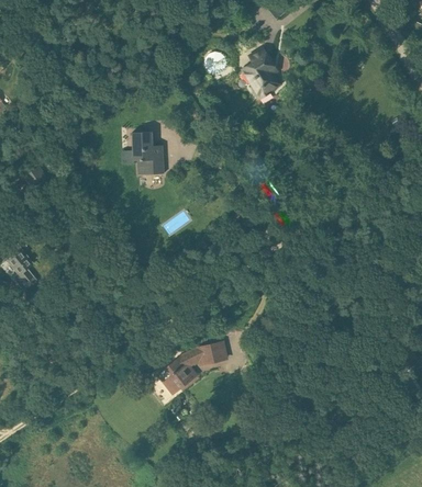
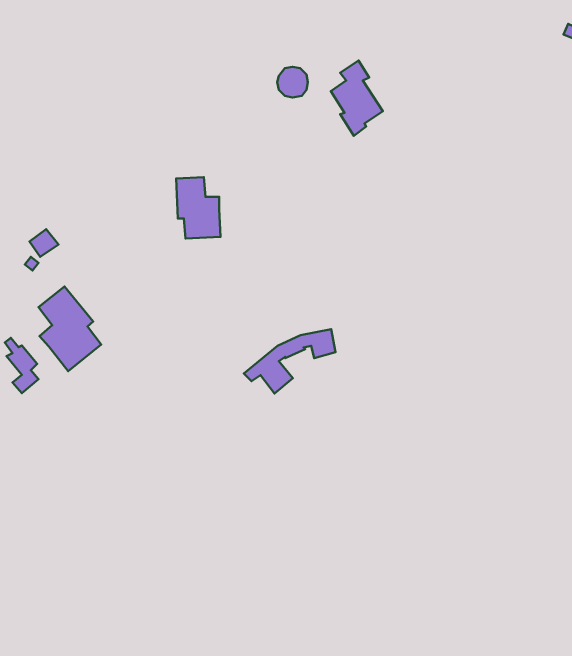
building: none -> [38,286,101,371]
building: [158,342,224,388] -> [244,329,336,393]

